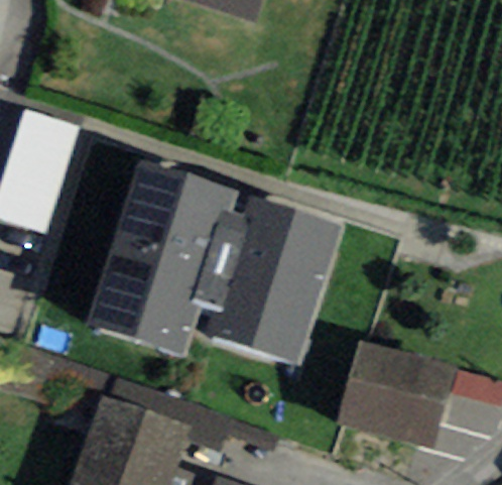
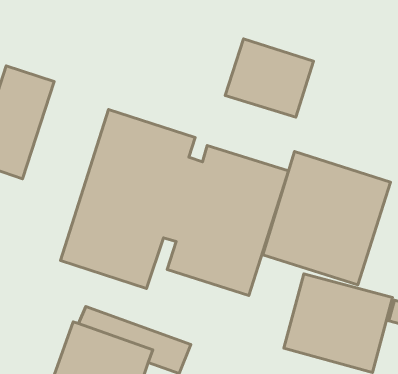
building: none -> [225,39,314,117]
building: none -> [263,152,391,285]

